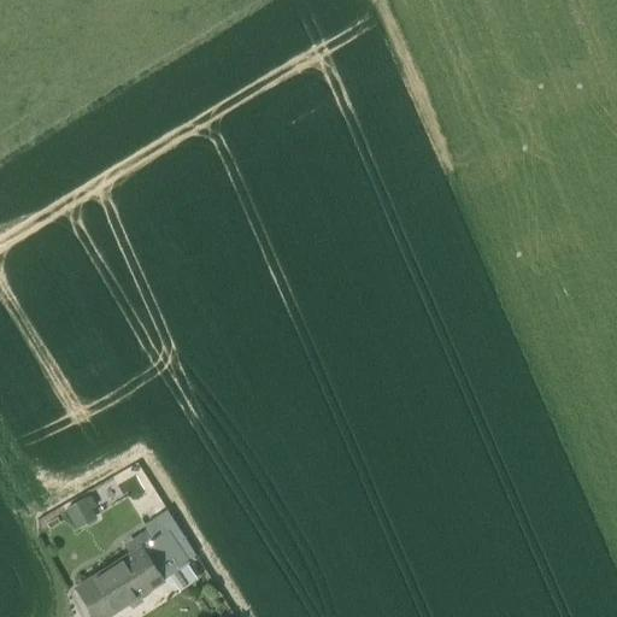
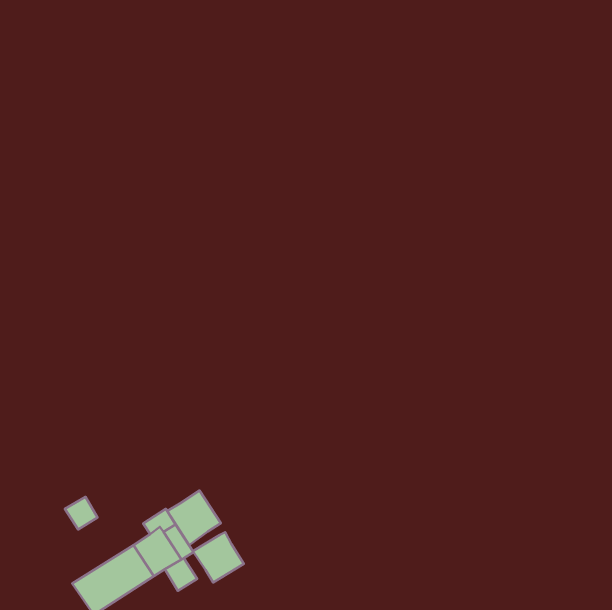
building: none -> [167,490,221,545]
building: none -> [193,532,244,583]

